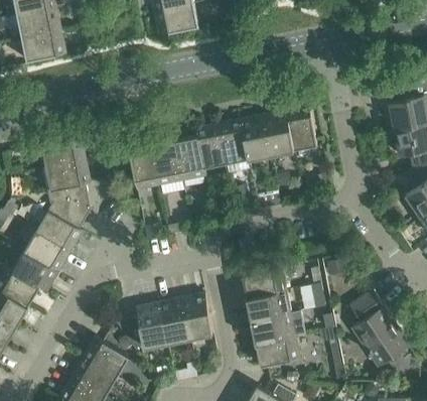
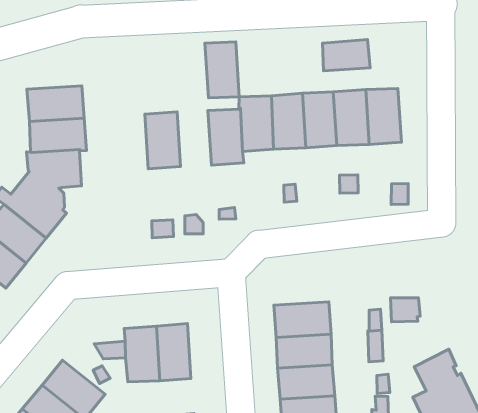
building: none -> [322,39,370,71]
building: [152,143,182,186] -> [205,42,239,98]
building: [181,295,212,339] -> none

